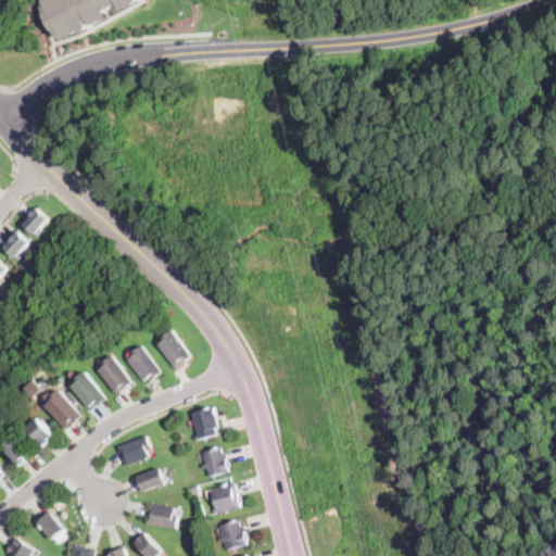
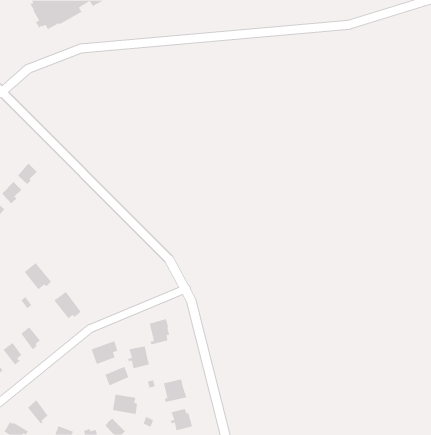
building: [154,329,189,367] -> none
building: [125,345,160,380] -> none
building: [96,356,130,394] -> none
building: [43,390,79,426] -> [24,262,52,290]
building: [199,447,227,477] -> [128,346,150,369]

